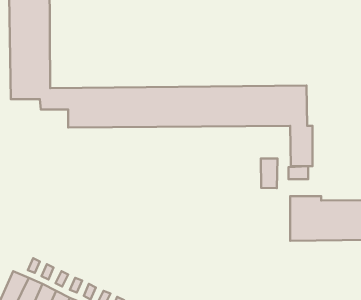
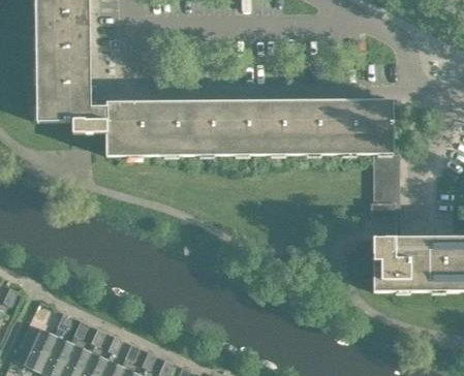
building: [261,159,278,188] -> none

